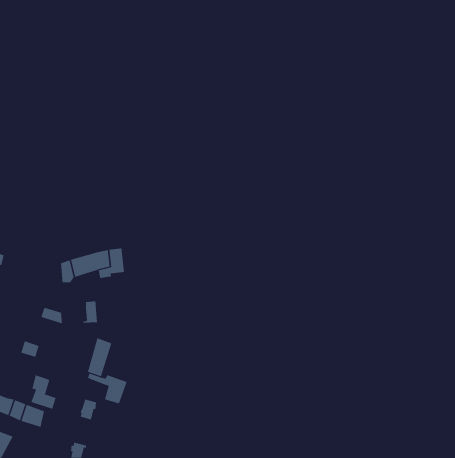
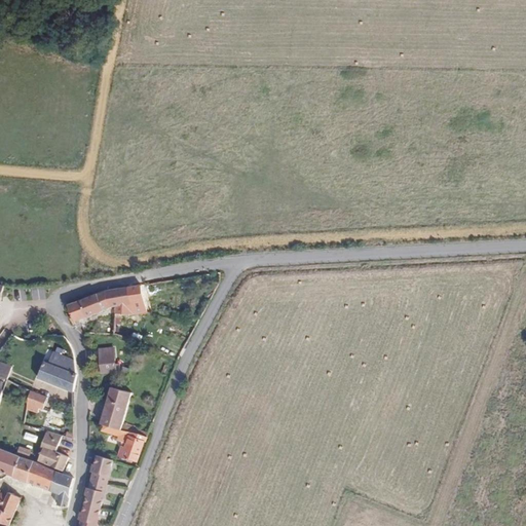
building: none -> [35,361,72,389]
building: none -> [47,471,69,506]
building: none -> [84,482,104,510]

